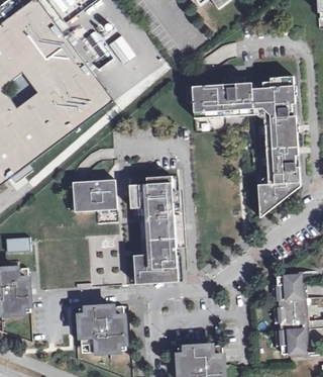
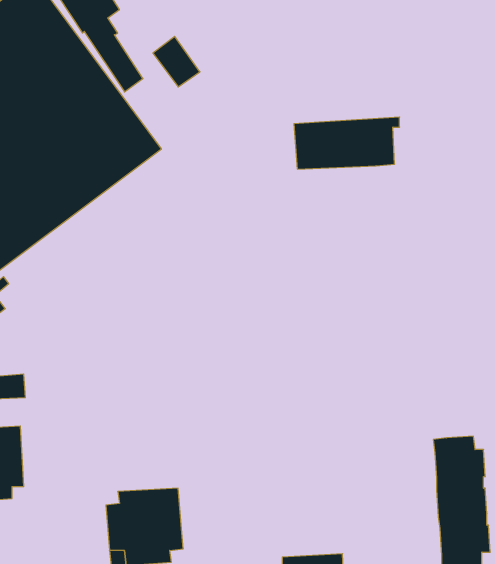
building: [251,76,300,213] -> none
building: [129,175,178,283] -> none
building: [73,179,116,211] -> none

